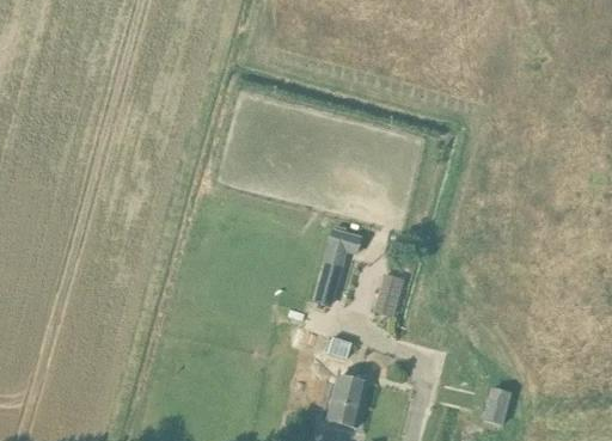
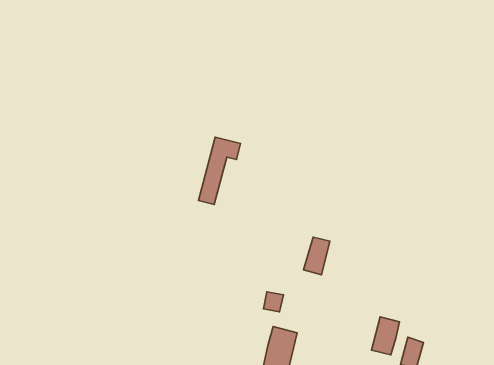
building: [314,229,362,306] -> [198,137,241,205]
building: none -> [371,317,400,355]

